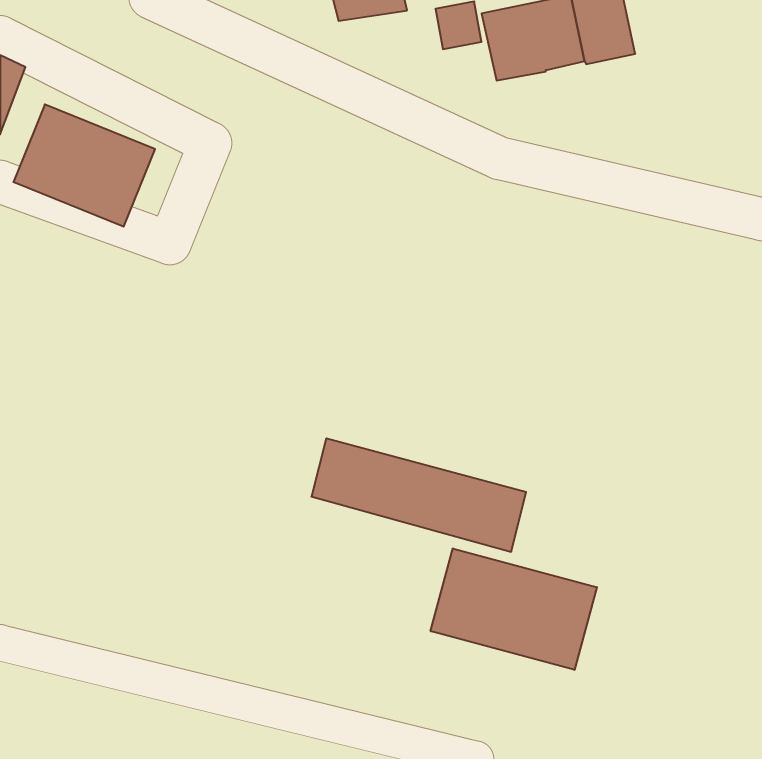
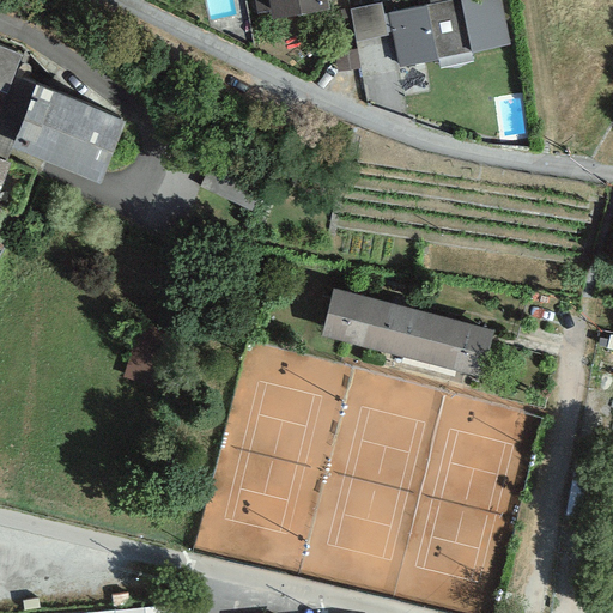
building: [311,438,526,552] -> [321,287,493,378]
building: [431,548,597,670] -> none

